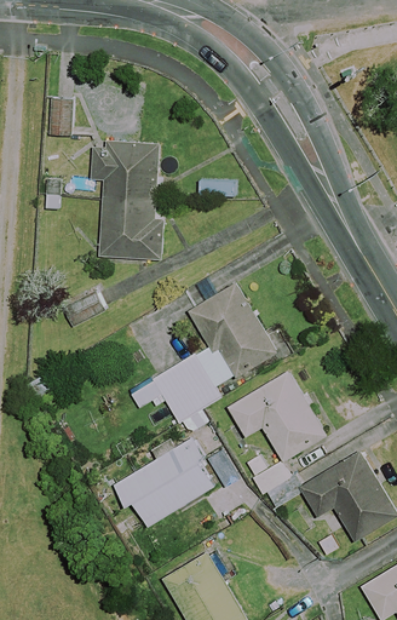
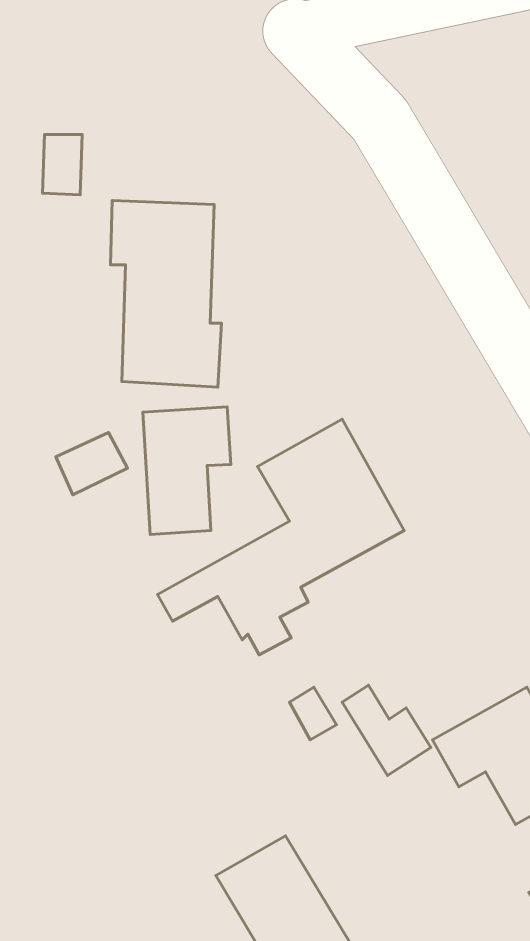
building: none -> [143,407,231,535]
building: [229,369,328,460] -> none
building: [114,435,214,524] -> none

